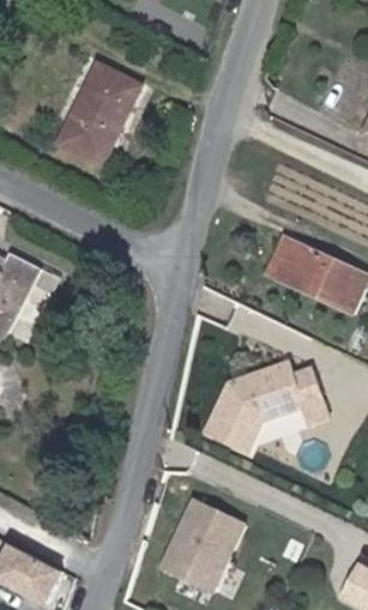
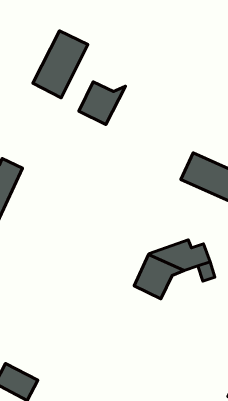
building: none -> [79,82,125,125]
building: [163,506,246,598] -> none

